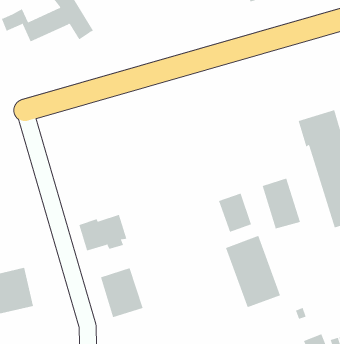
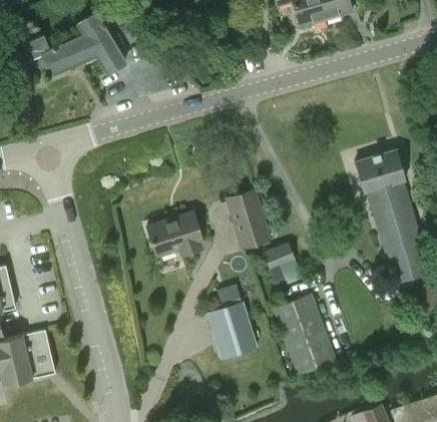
building: [262,178,301,229] -> [226,189,270,248]
building: [79,214,127,251] -> [146,215,201,257]
building: [100,267,144,318] -> [206,302,256,359]

